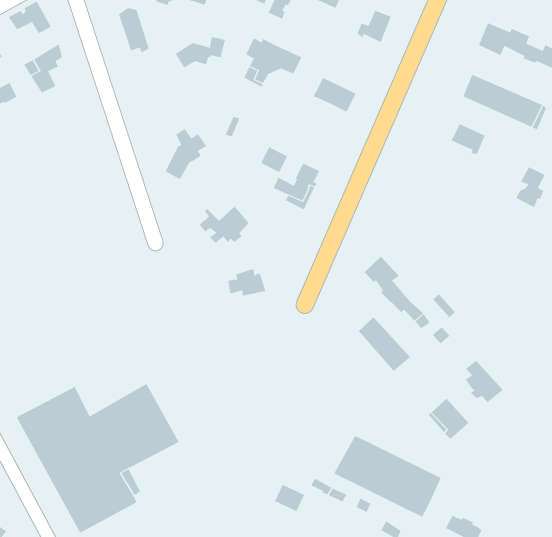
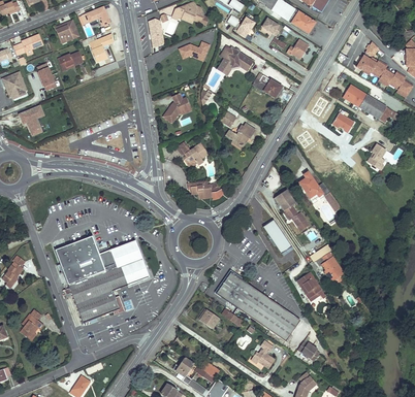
building: none -> [298,171,341,210]
building: none -> [217,271,253,307]

